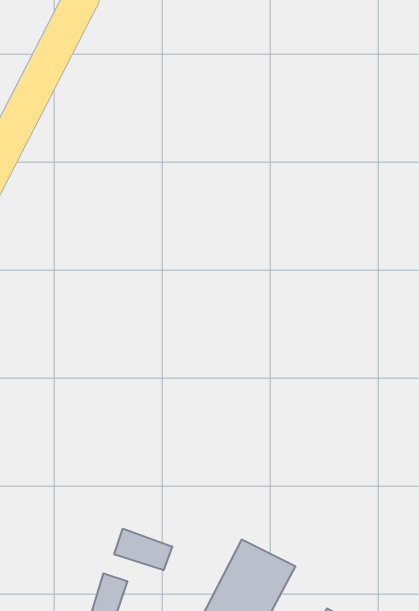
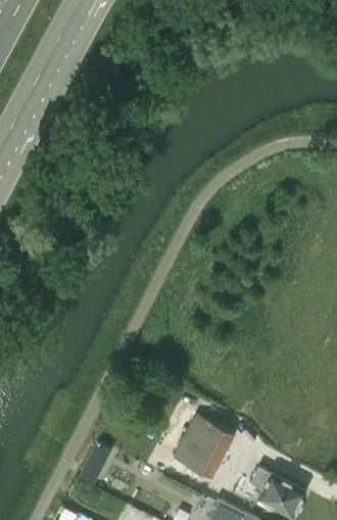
building: [114,529,172,570] -> none

